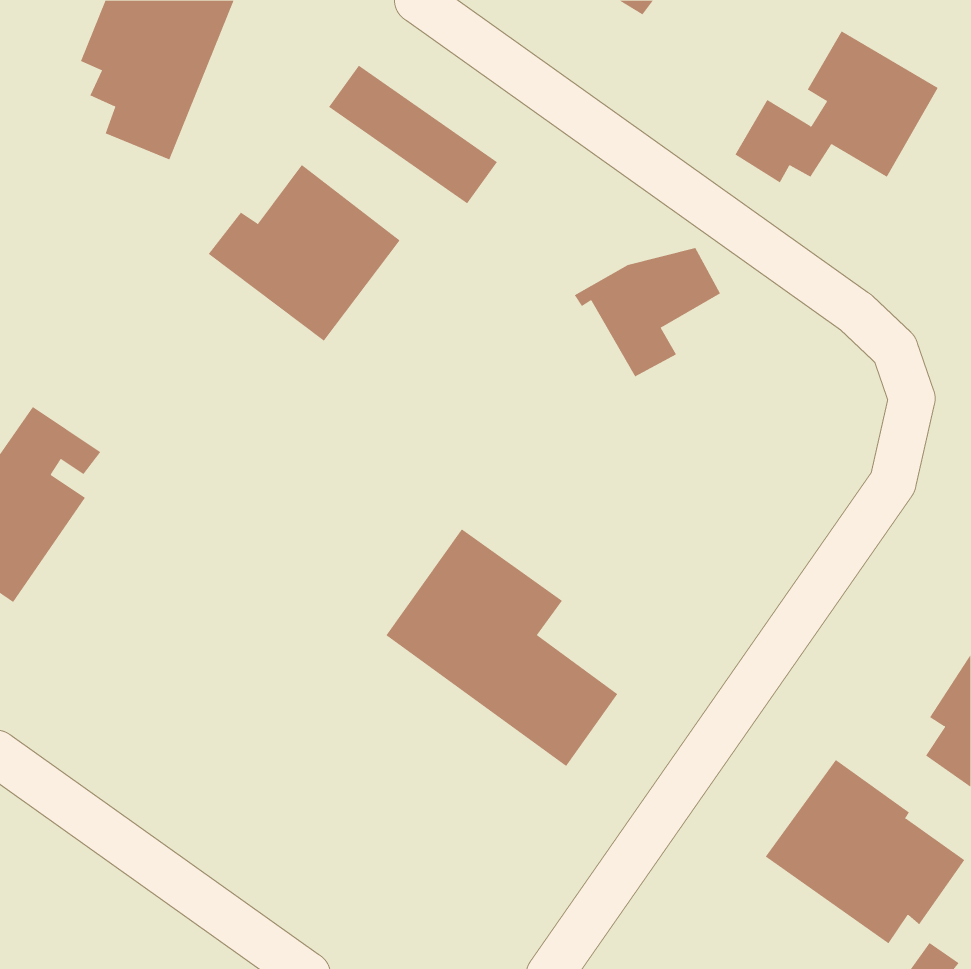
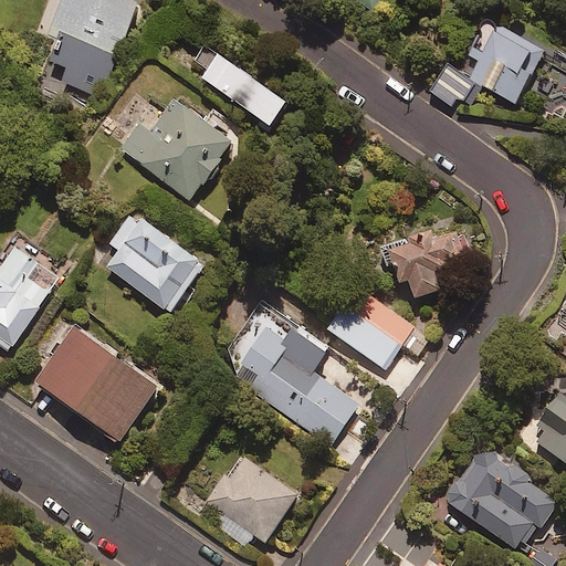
building: [574,248,721,377] -> [382,223,468,298]
building: none -> [105,212,205,314]
building: none -> [326,286,430,370]
building: none -> [34,324,158,441]
building: none -> [207,453,298,547]

